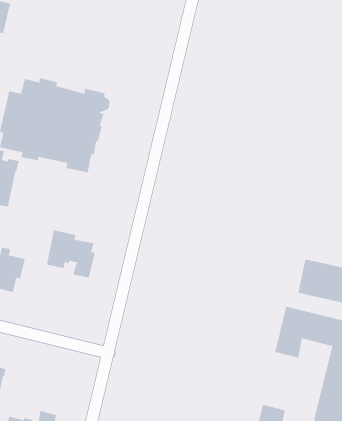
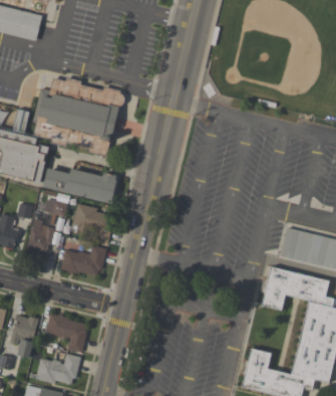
building: none -> [44,168,120,203]
building: none -> [44,197,69,224]
building: none -> [62,245,107,275]
building: none -> [46,313,87,352]

